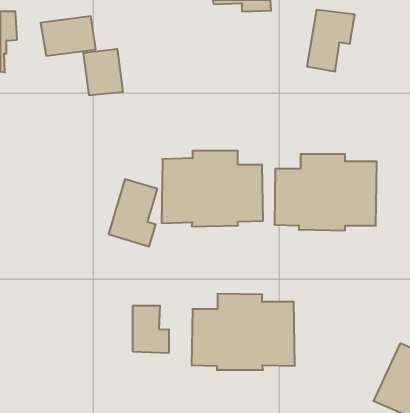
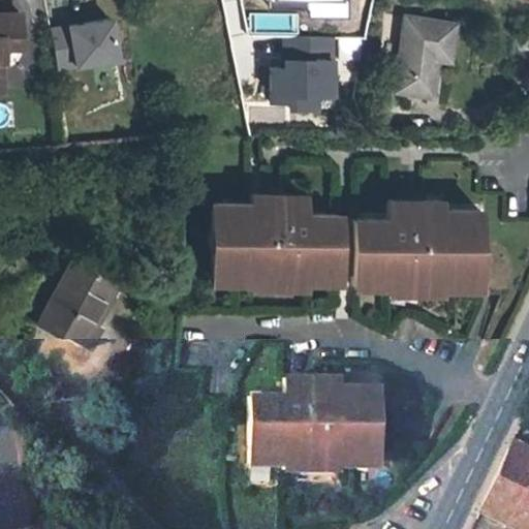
building: none -> [278,41,341,115]
building: [84,49,123,95] -> none
building: [109,179,157,246] -> [41,266,103,351]
building: [133,306,169,353] -> none

